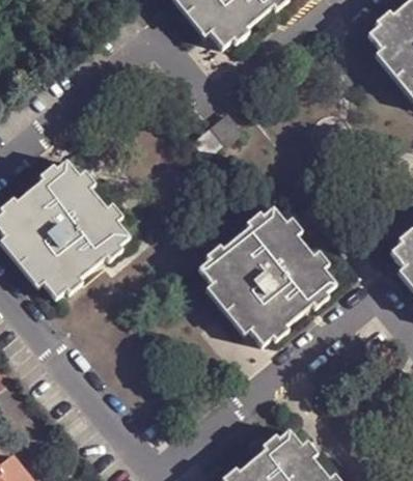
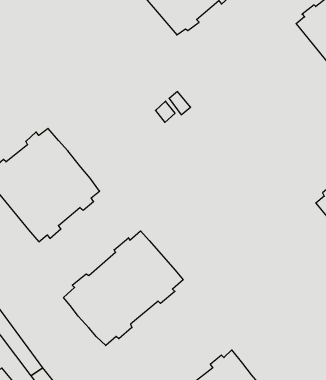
building: [197,209,336,347] -> none
building: none -> [64,231,183,346]

